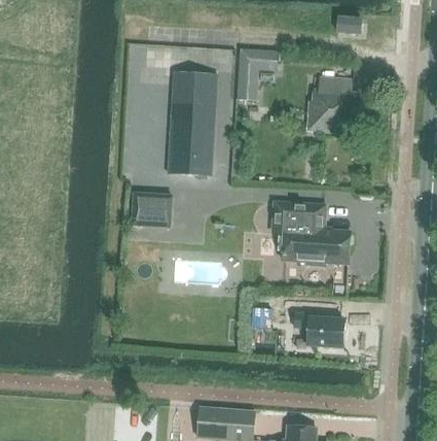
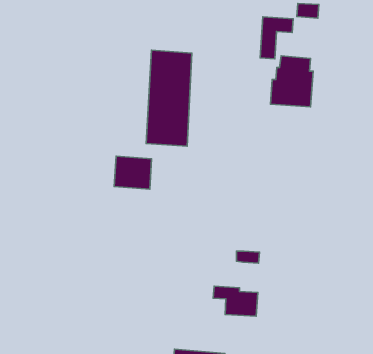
building: [239,50,276,98] -> [260,17,293,59]
building: [271,201,353,265] -> none
building: [293,312,343,346] -> [213,286,258,316]

